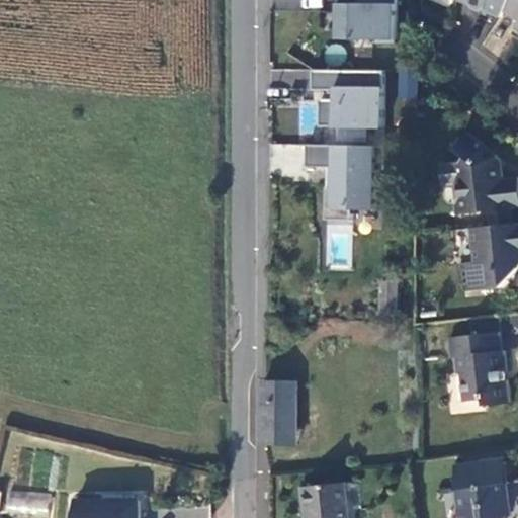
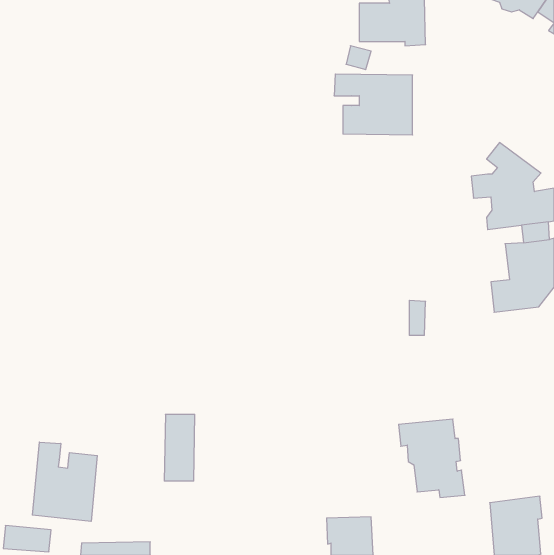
building: [305,144,385,219] -> none
building: [444,332,506,405] -> [399,419,465,497]
building: [262,380,290,442] -> [164,414,195,481]
building: none -> [32,442,97,521]

